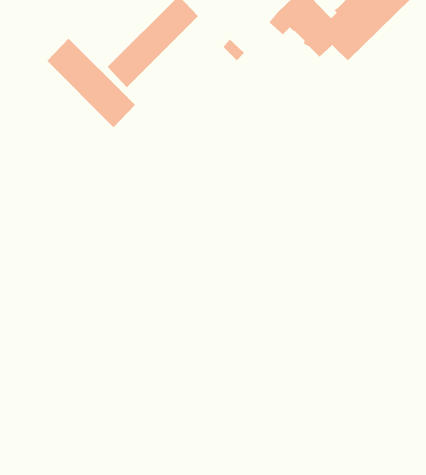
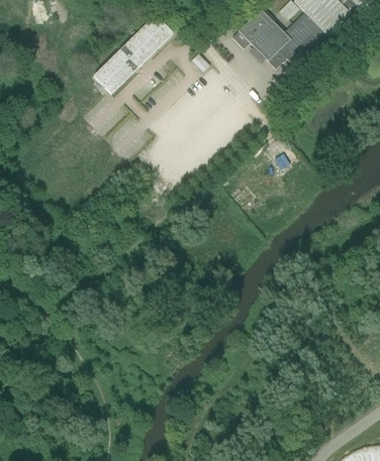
building: [46,38,136,128] -> none

